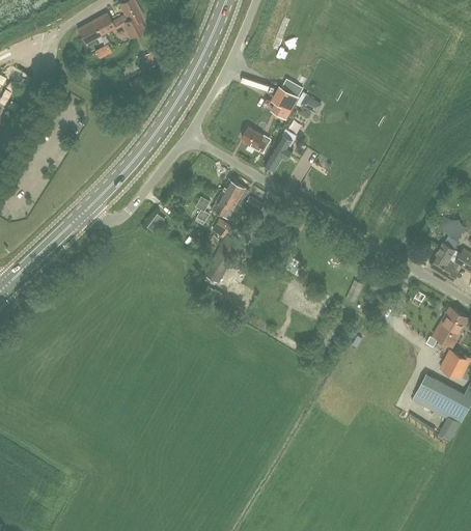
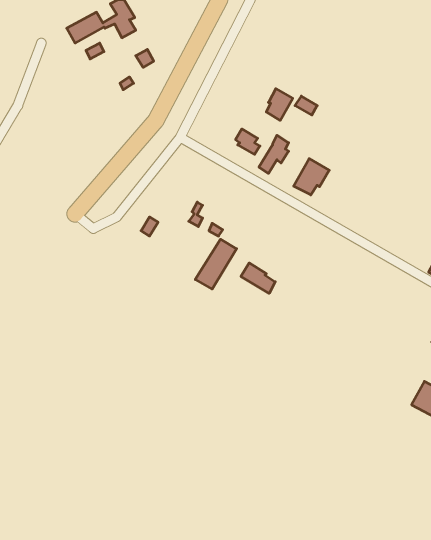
building: none -> [294,159,329,195]
building: [211,177,249,220] -> none
building: none -> [241,263,275,293]

